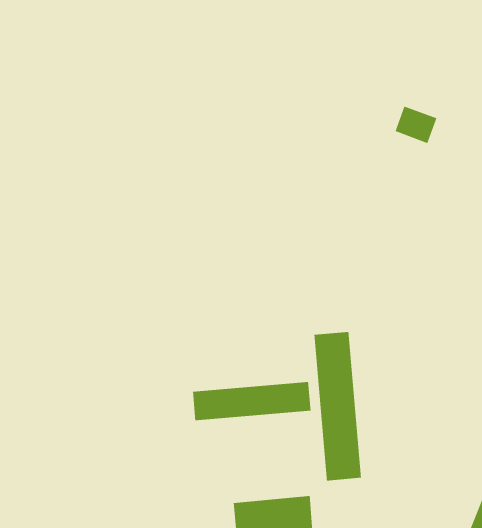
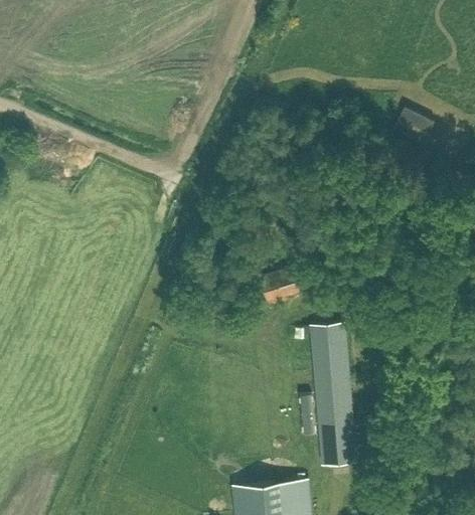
building: none -> [261,266,307,303]
building: [192,381,311,421] -> none

